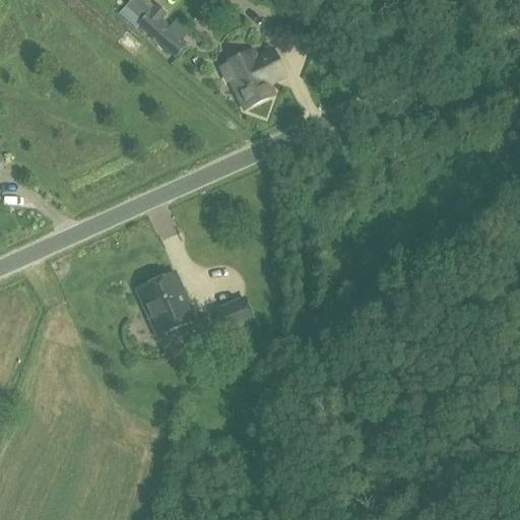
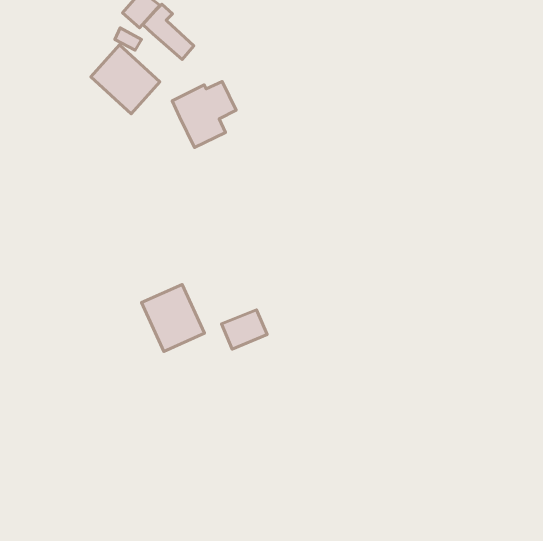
building: none -> [91,45,160,114]
building: [222,45,283,108] -> [172,82,236,148]

